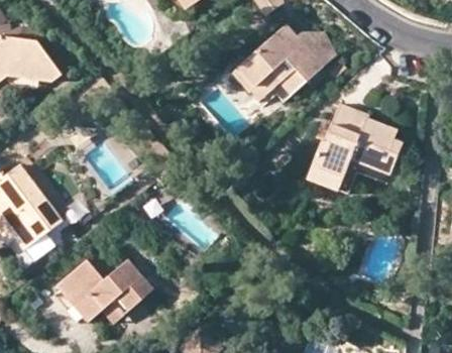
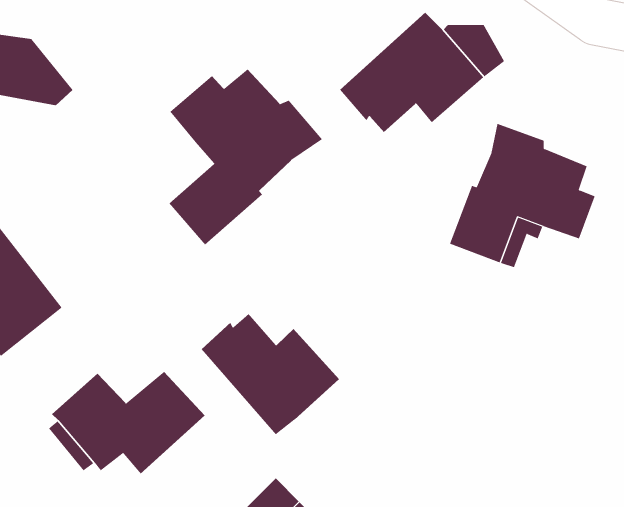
building: none -> [168,69,323,245]
building: none -> [201,313,340,435]

